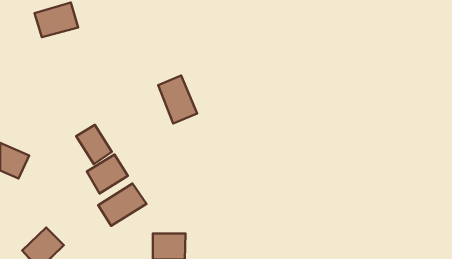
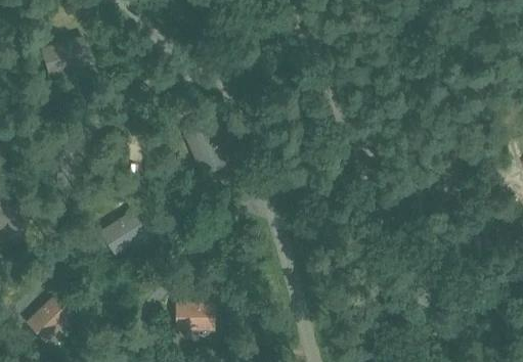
building: [76,125,112,164] -> none
building: [98,184,147,226] -> none

